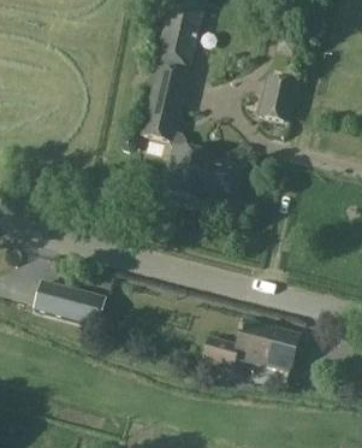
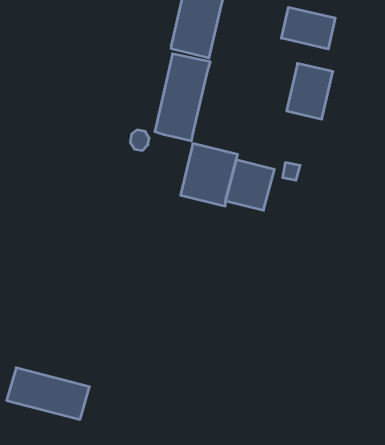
building: none -> [281,7,335,49]
building: [32,279,106,325] -> [7,368,90,419]
building: [202,316,302,372] -> none

